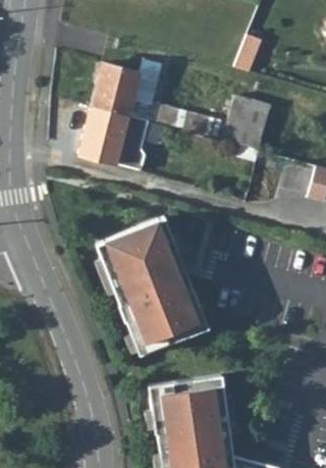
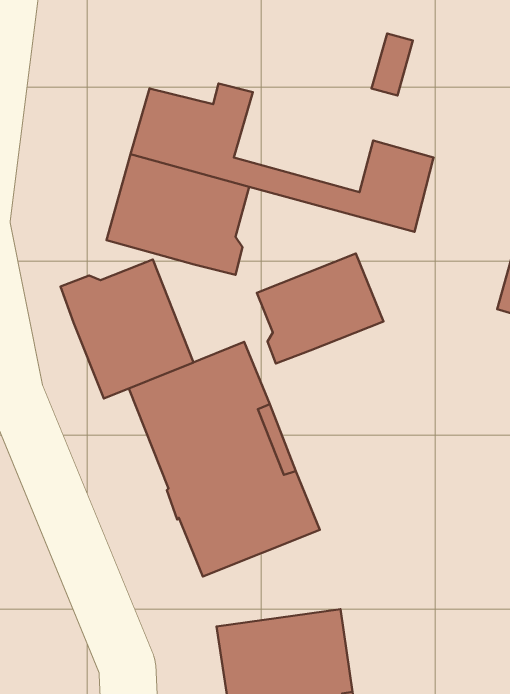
building: none -> [257,253,383,363]
building: none -> [60,259,194,399]

